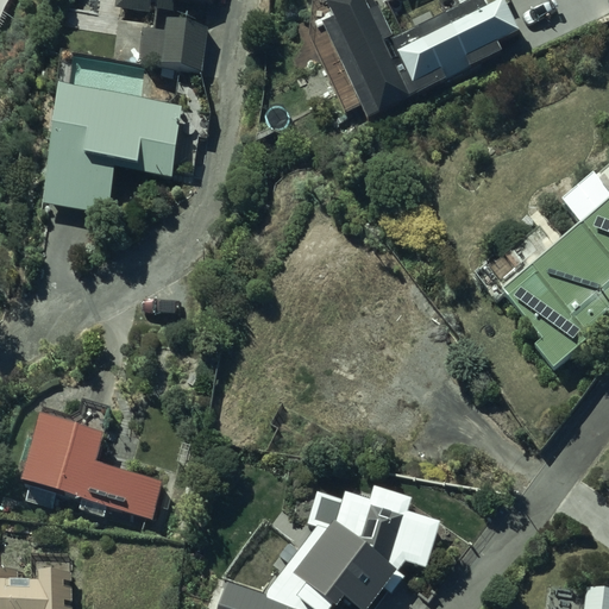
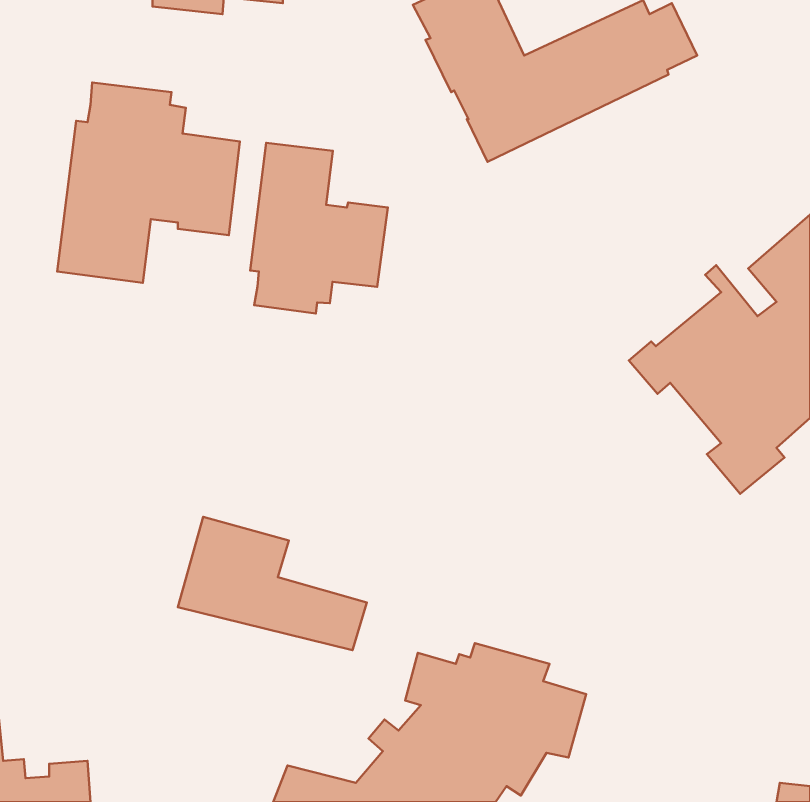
building: [138,24,206,70] -> none
building: none -> [250,143,388,313]
building: [18,419,159,519] -> [178,517,367,650]

